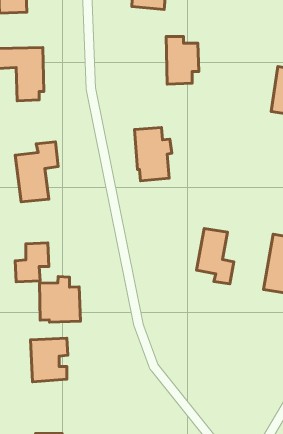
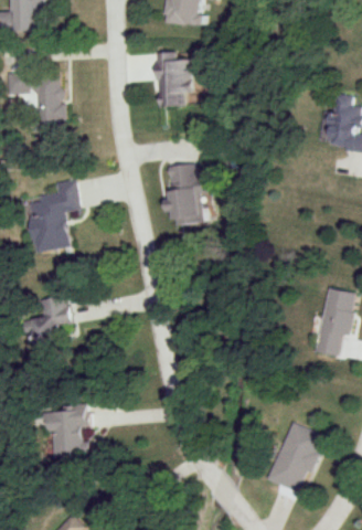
building: [166,36,199,84] -> [158,52,195,107]
building: [197,228,234,284] -> none
building: [39,277,81,322] -> none
building: none -> [267,421,323,491]

